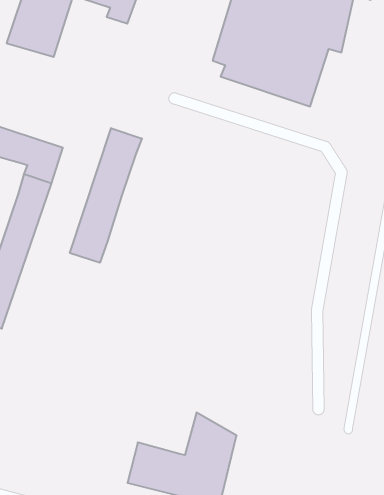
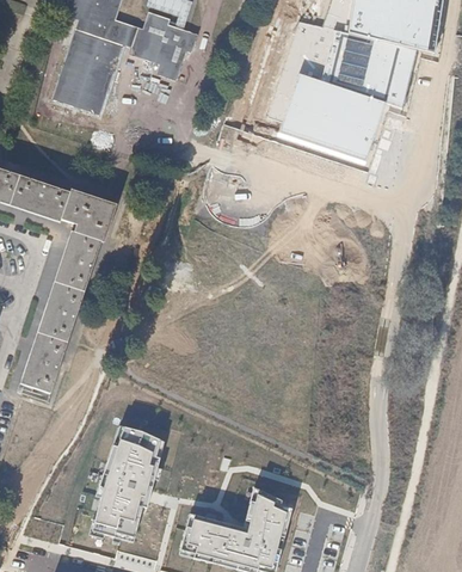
building: [70,128,142,263] -> none
building: none -> [88,424,161,541]

